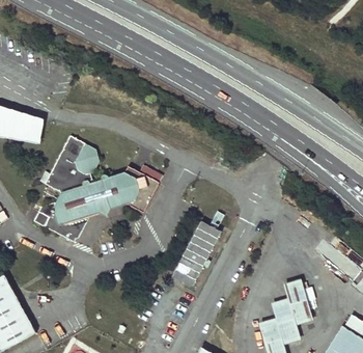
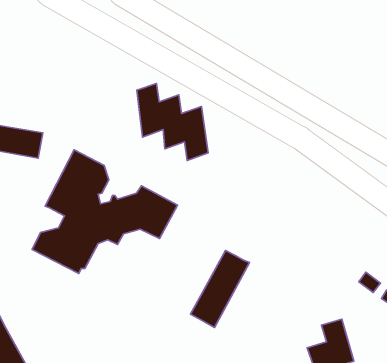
building: none -> [137,83,208,160]

